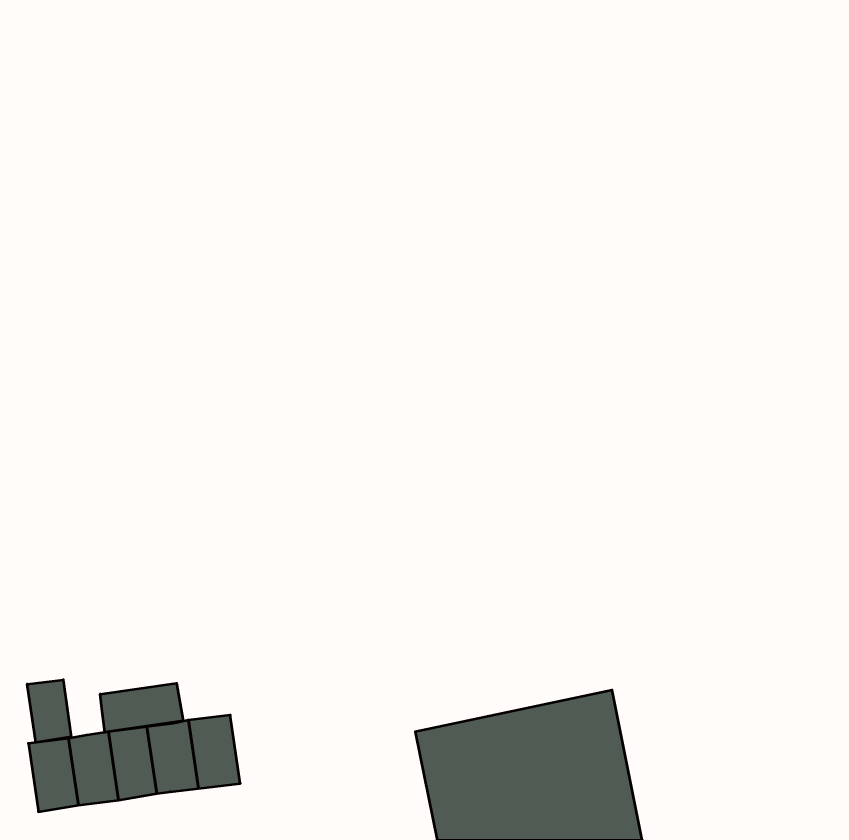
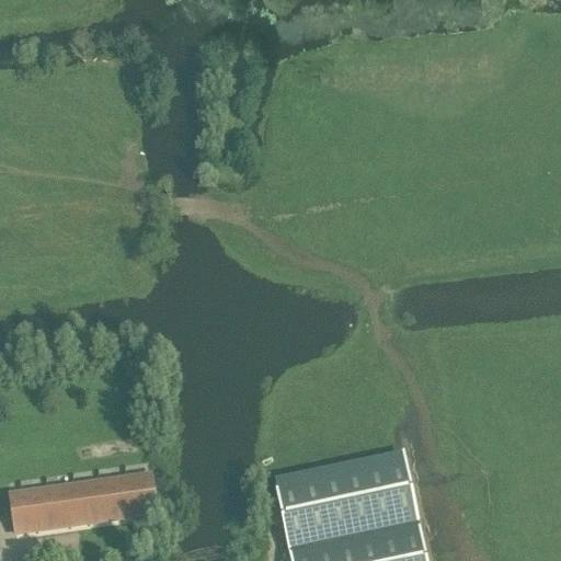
building: [27,680,71,742] -> none
building: [100,683,183,732] -> none

